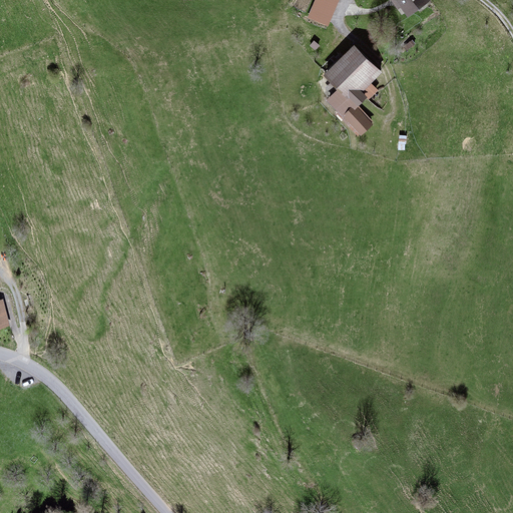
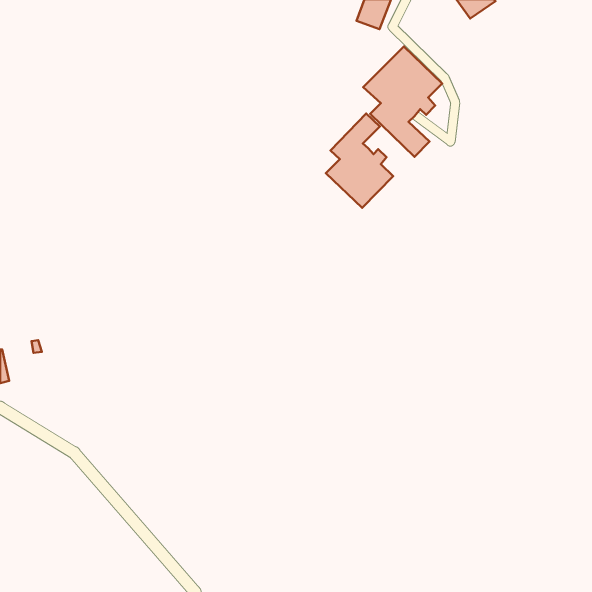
building: none -> [326,114,393,208]

